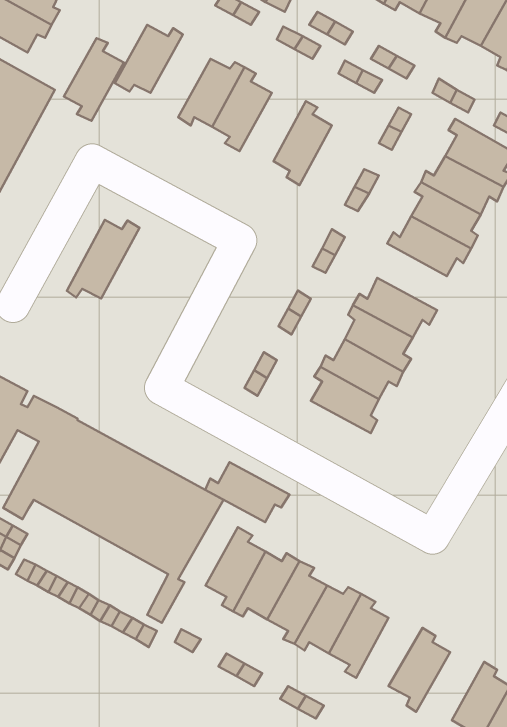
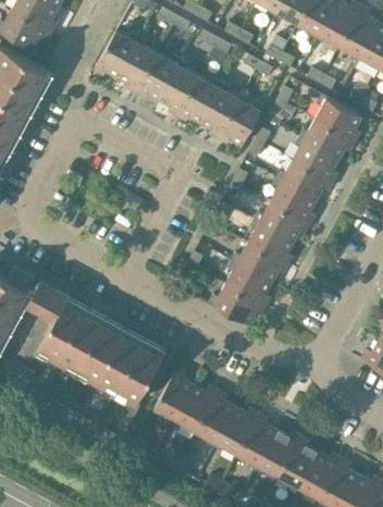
building: [64,38,124,121] -> [118,38,158,94]
building: none -> [177,77,222,123]
building: none -> [218,99,264,146]
building: [67,220,139,299] -> none
building: none -> [270,178,317,223]
building: [205,462,289,522] -> [209,284,265,324]
building: none -> [256,430,300,475]
building: none -> [296,453,342,498]

